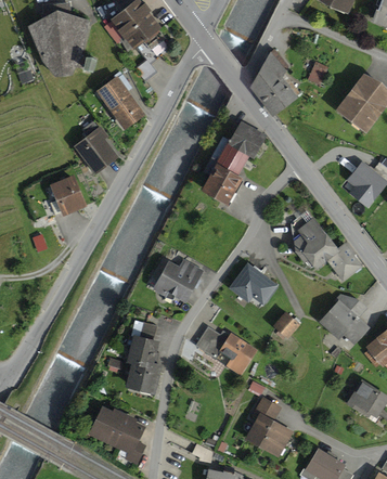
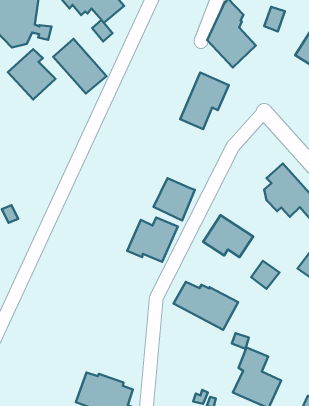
building: [73,126,119,176] -> [8,49,55,99]
building: [199,164,242,207] -> [154,178,195,221]
building: [49,174,87,217] -> none
building: [125,320,162,394] -> none

